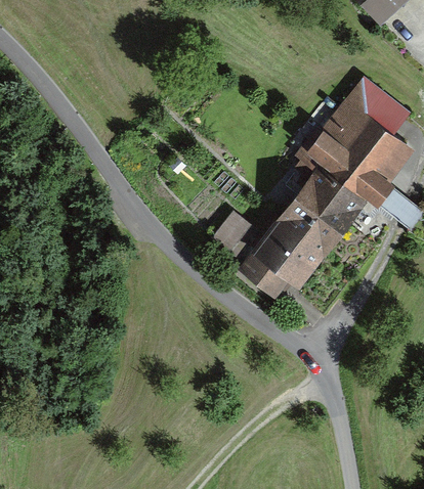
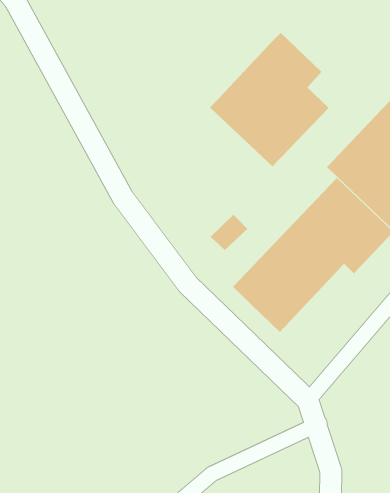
building: none -> [209,32,329,167]

